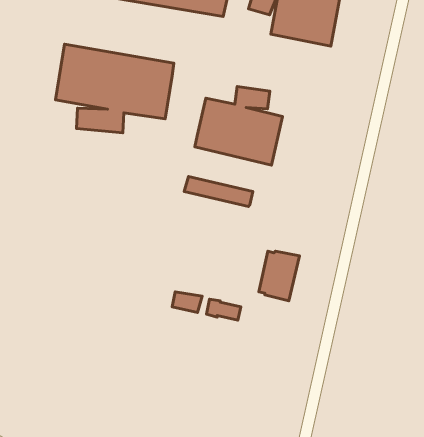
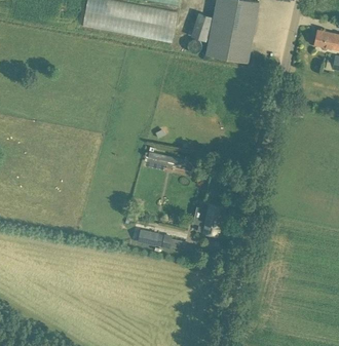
building: [55,44,174,133] -> none
building: [195,86,283,165] -> none

